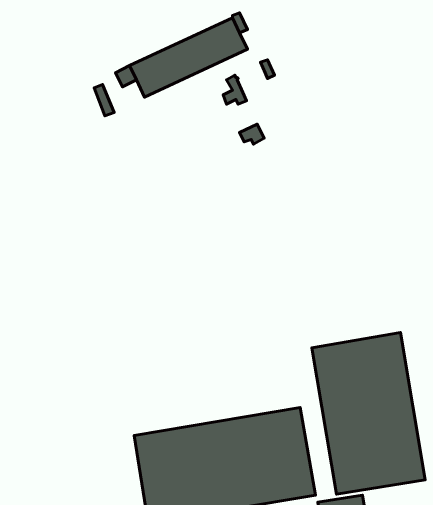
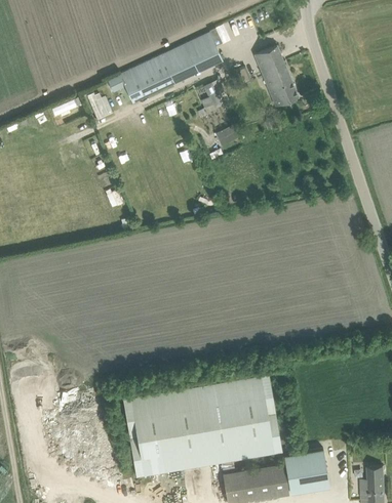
building: none -> [254,47,299,108]
building: [312,332,425,494] -> none

